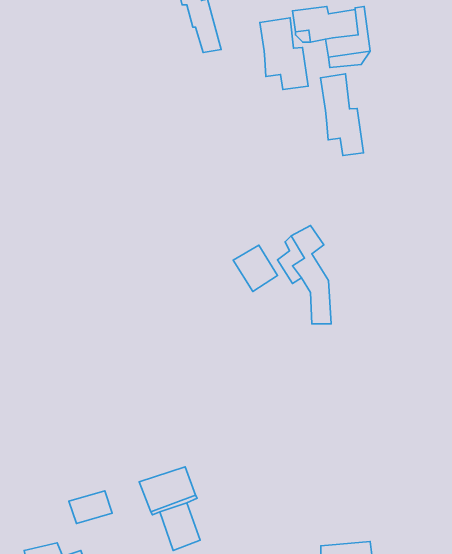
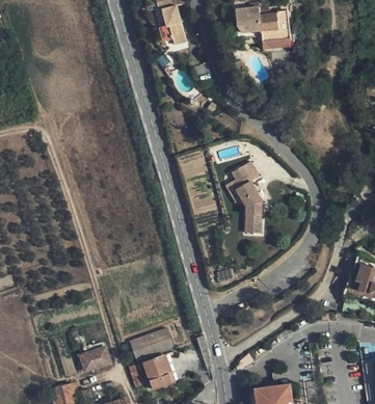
building: [260,18,308,89] -> none
building: [321,74,364,156] -> none
building: [233,245,277,291] -> none

